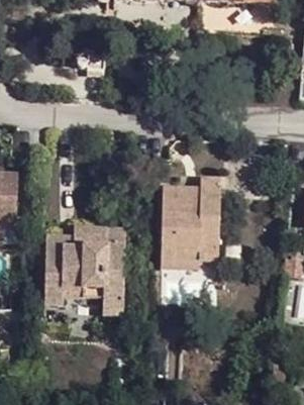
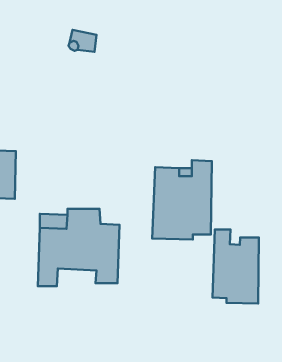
building: none -> [213,230,259,304]

